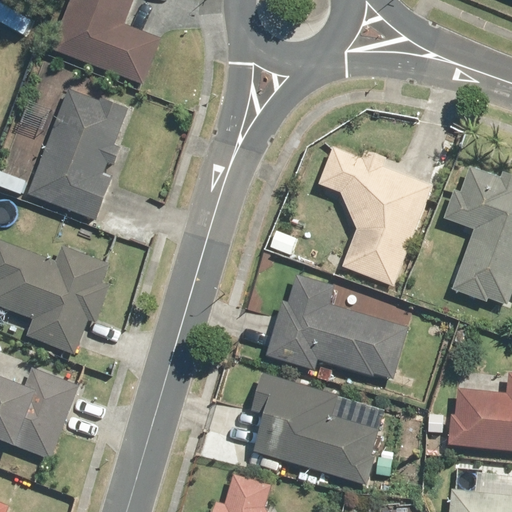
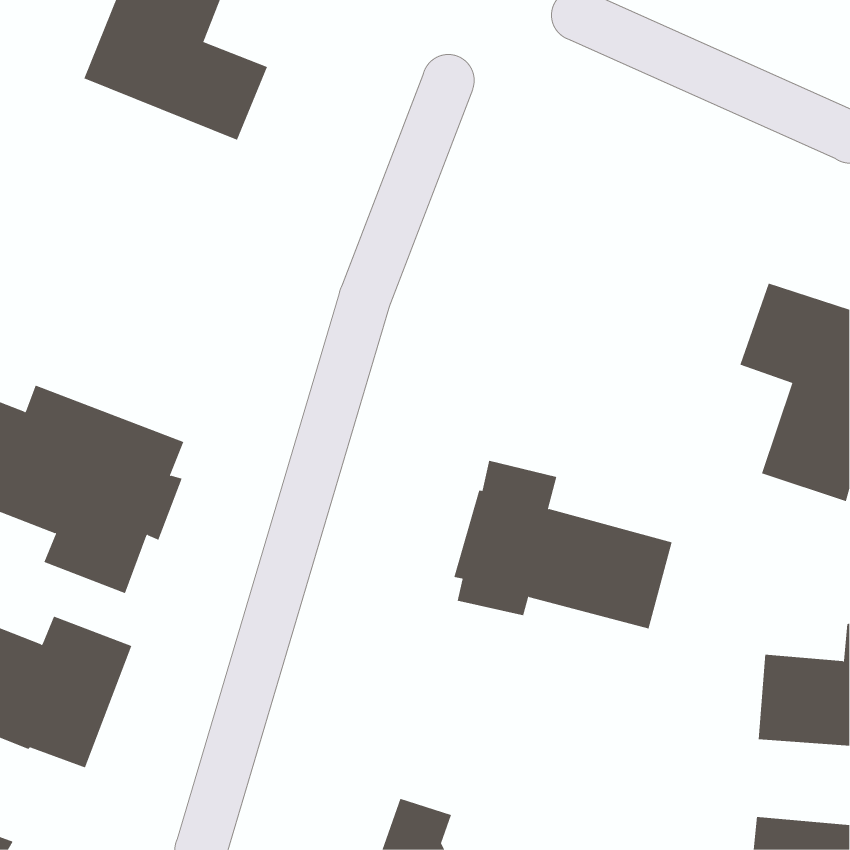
building: [28,89,129,220] -> none
building: [317,148,430,283] -> none
building: [253,370,382,481] -> none

